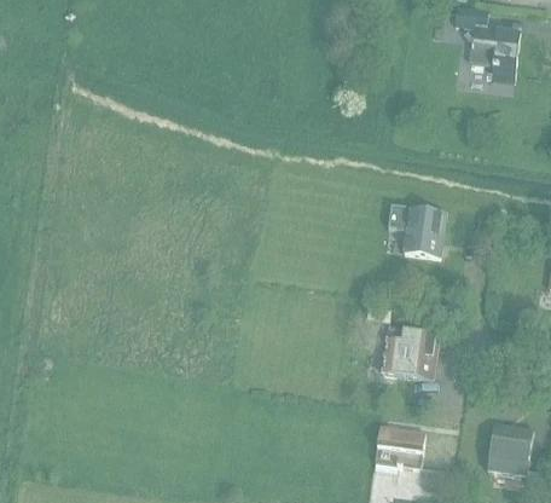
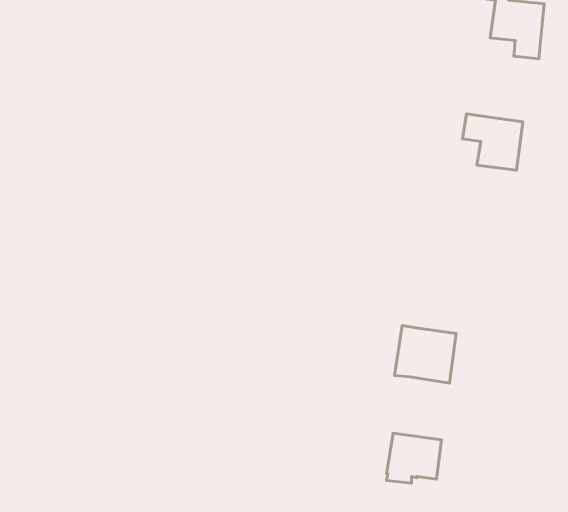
building: [389,204,445,256] -> [463,114,523,170]
building: [488,423,533,464] -> none

